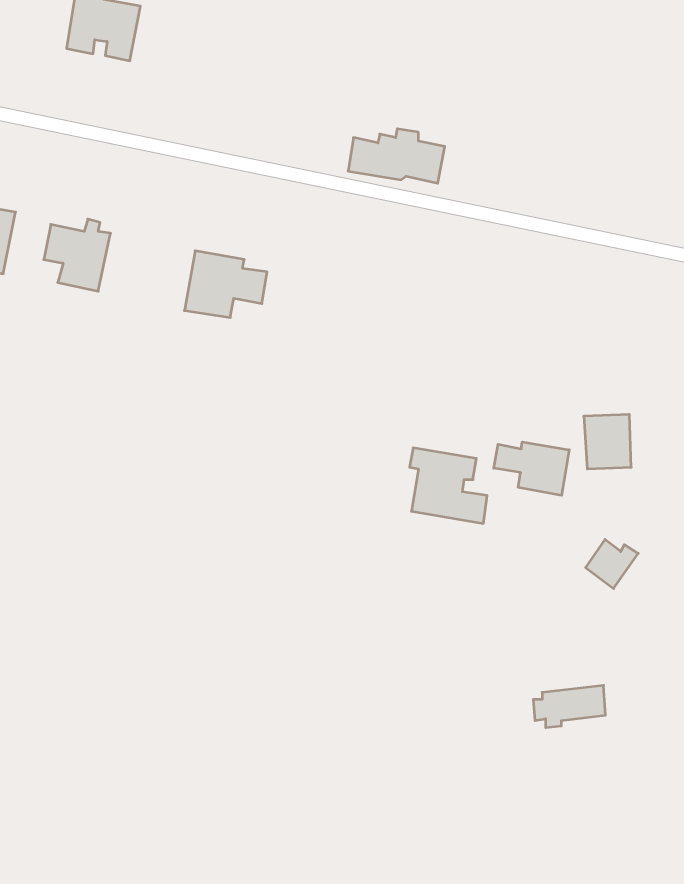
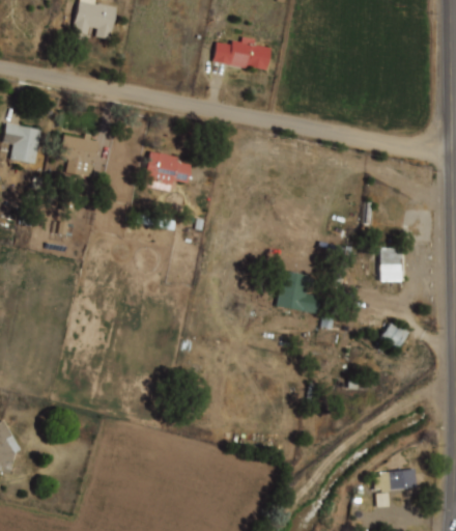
building: [348,129,445,183] -> [213,38,270,71]
building: [494,442,569,495] -> none
building: [533,685,605,728] -> [374,469,417,494]

